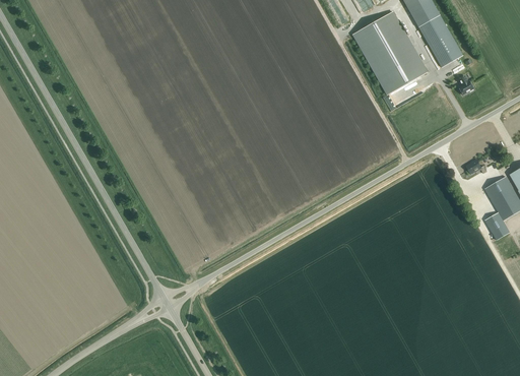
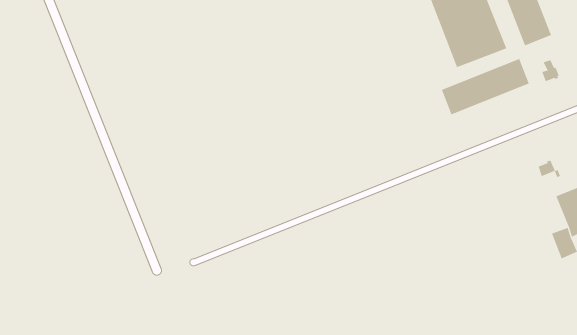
building: none -> [441,58,530,115]

